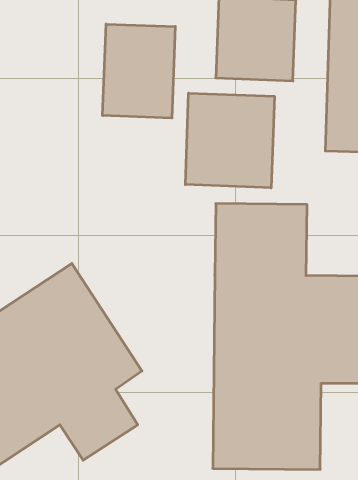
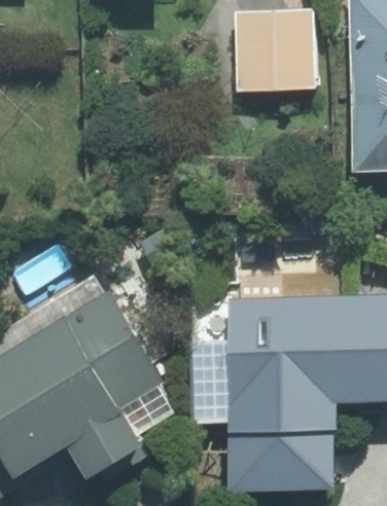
building: [103,24,175,118] -> none
building: [185,93,274,188] -> none

